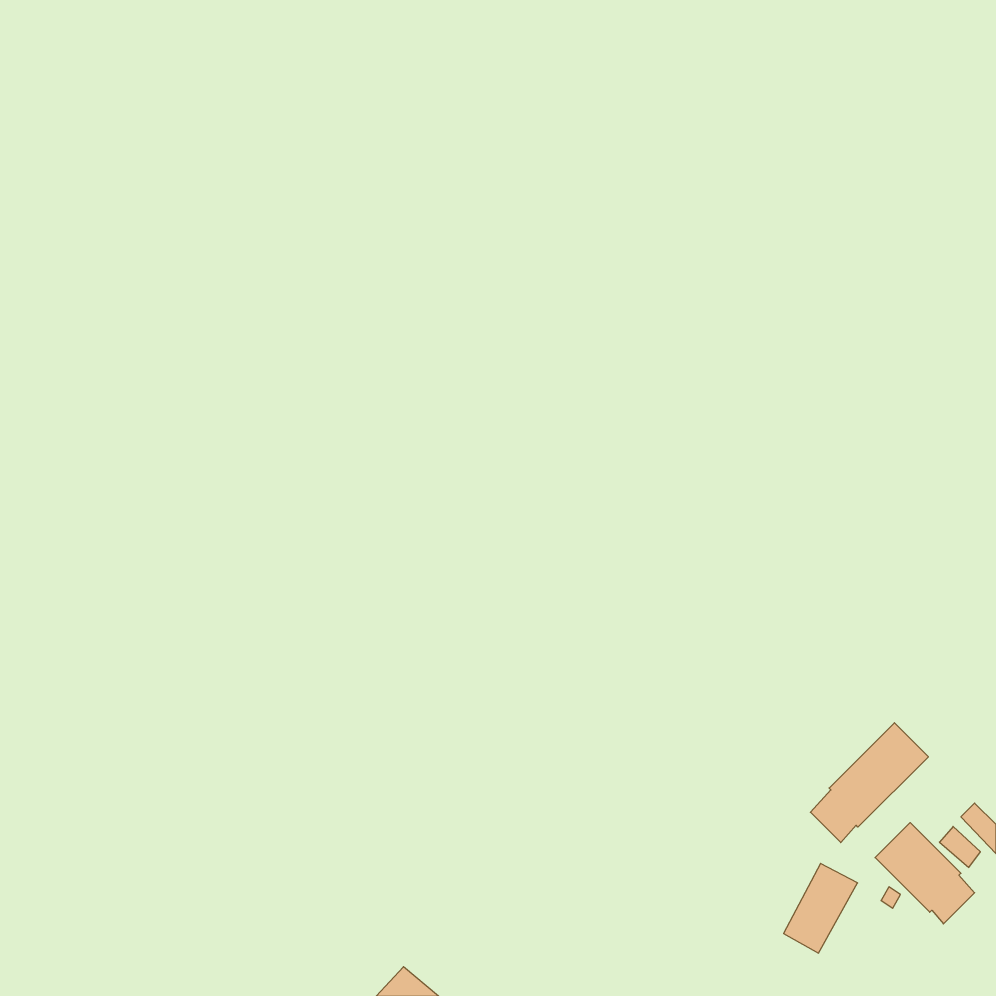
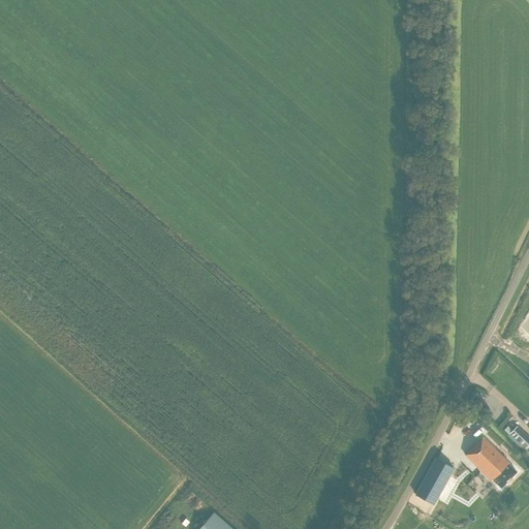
building: [810,723,928,843] -> none

